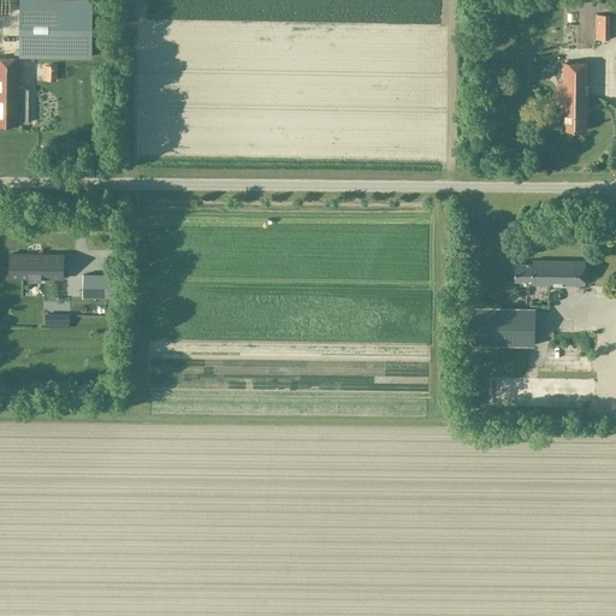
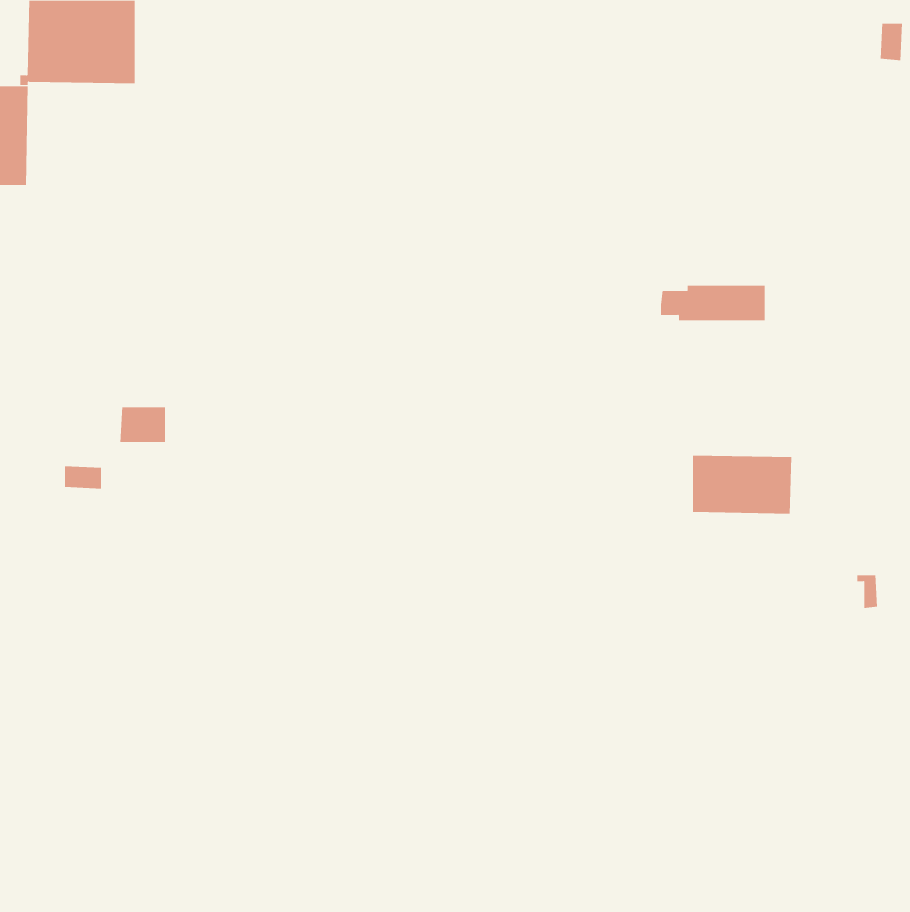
building: [562,63,587,131] -> none
building: [7,255,61,282] -> none
building: [513,261,584,285] -> [660,285,765,321]

